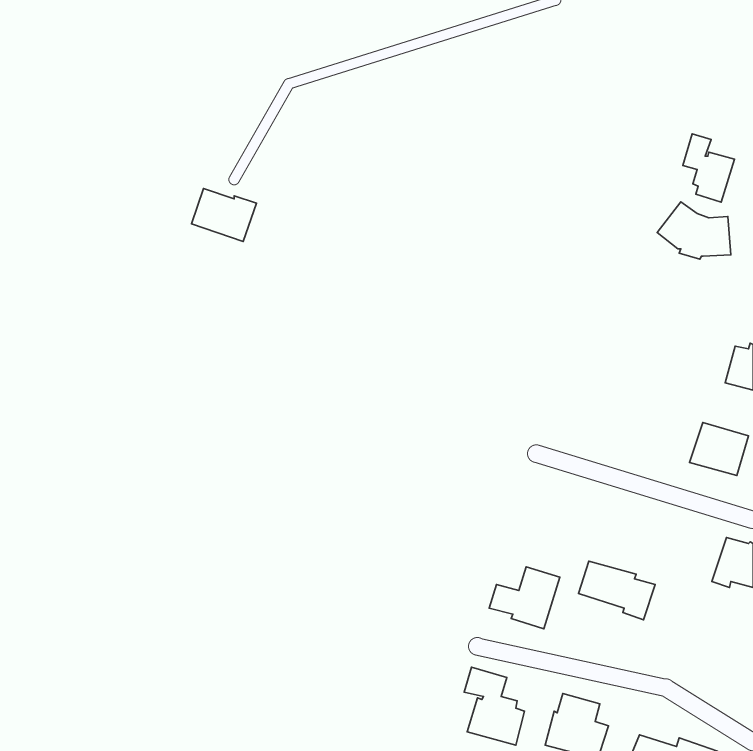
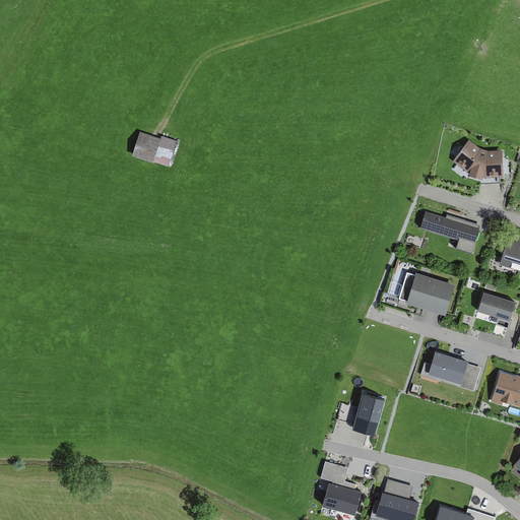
building: [683,134,735,202] -> none
building: none -> [420,211,480,253]
building: none -> [398,271,455,315]
building: [579,561,655,620] -> [429,351,481,392]

